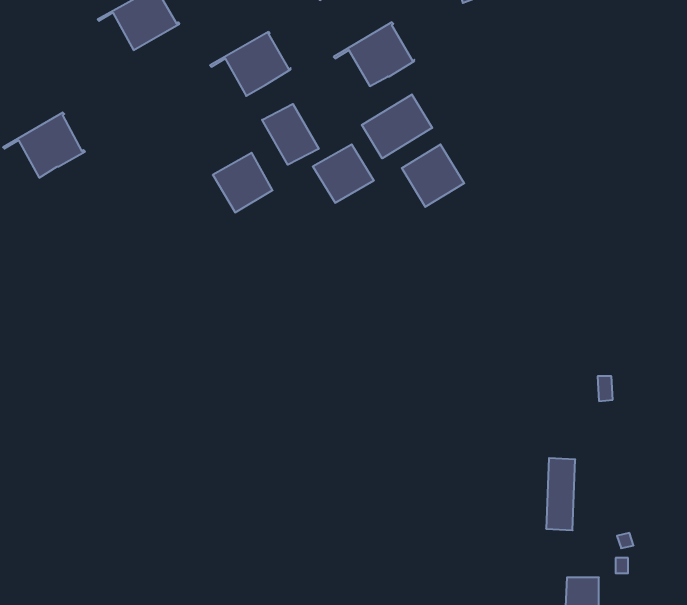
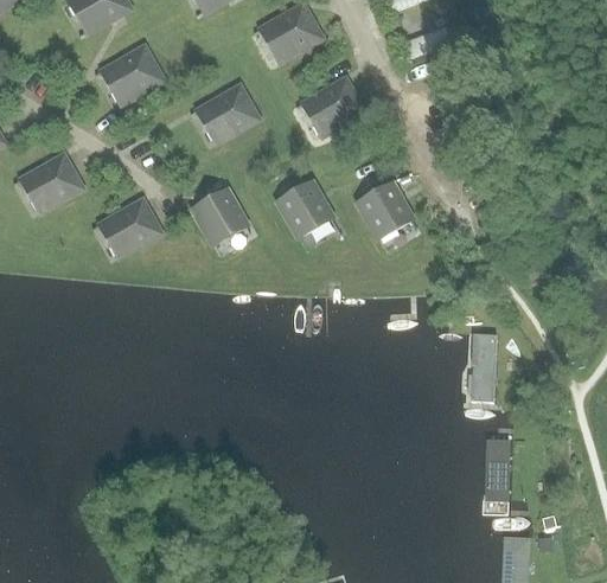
building: [362,94,432,158] -> none
building: [262,104,319,165] -> none
building: none -> [94,199,162,255]
building: none -> [462,345,488,408]

